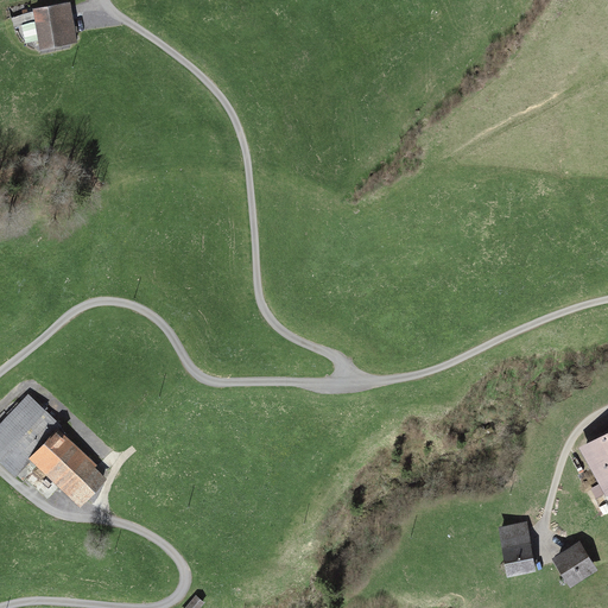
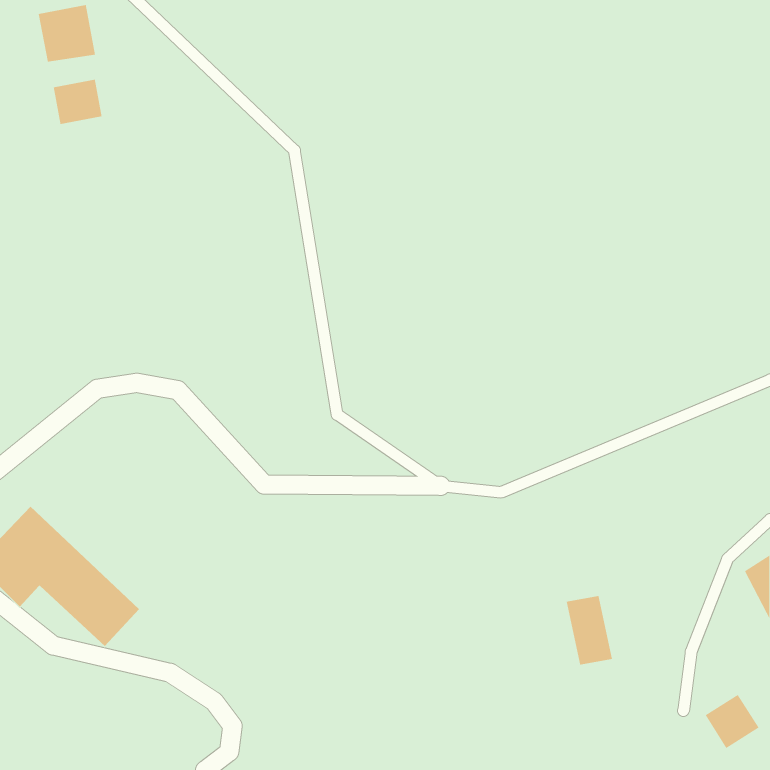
building: none -> [53,79,102,125]
building: [498,520,534,575] -> [566,595,613,665]

